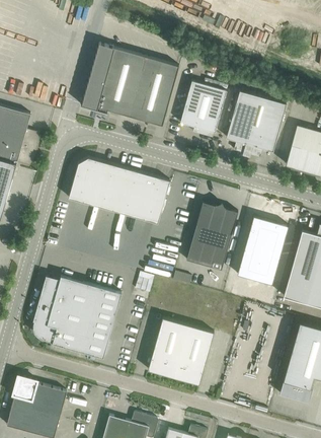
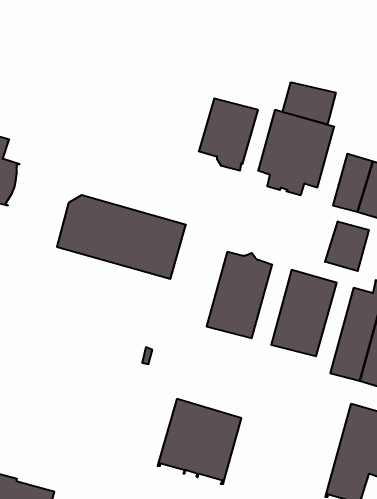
building: [81,45,179,127] -> none
building: none -> [282,82,336,125]
building: none -> [325,221,369,271]
building: [33,277,122,359] -> none

